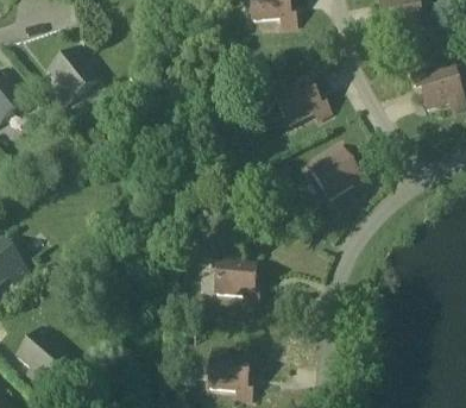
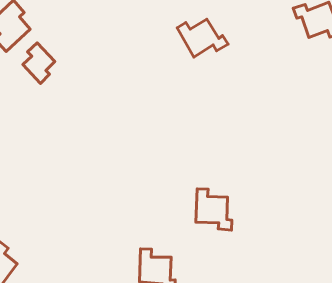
building: none -> [23,43,55,83]
building: [308,152,370,199] -> none
building: [216,253,259,305] -> [196,189,232,230]

